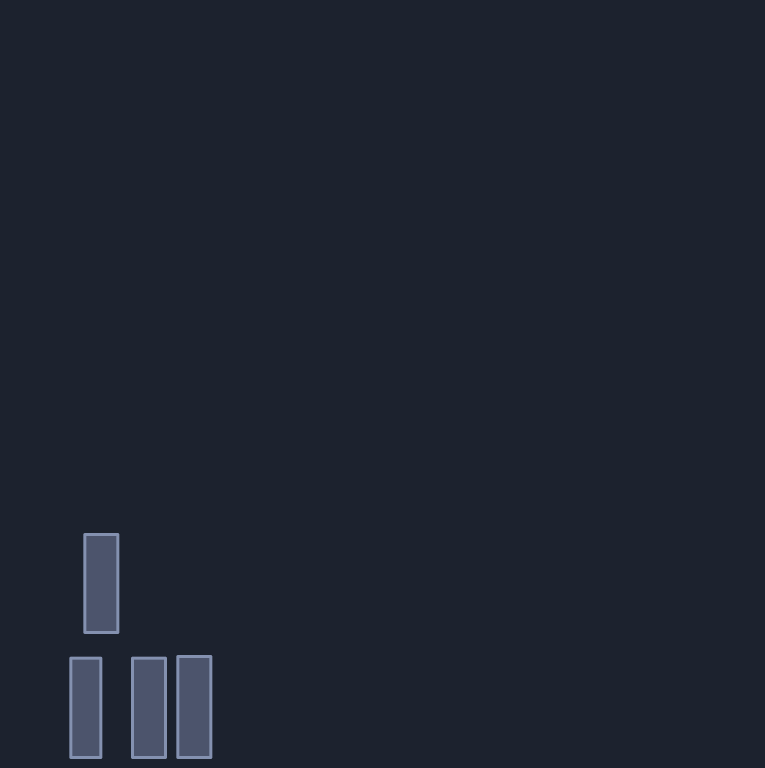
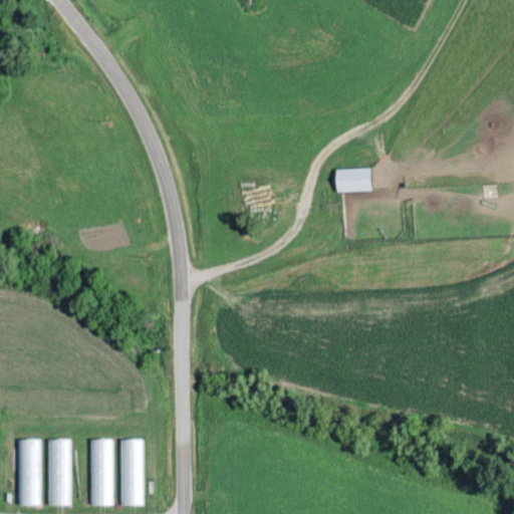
building: none -> [337,169,372,192]
building: [85,535,118,633] -> [19,440,41,505]

